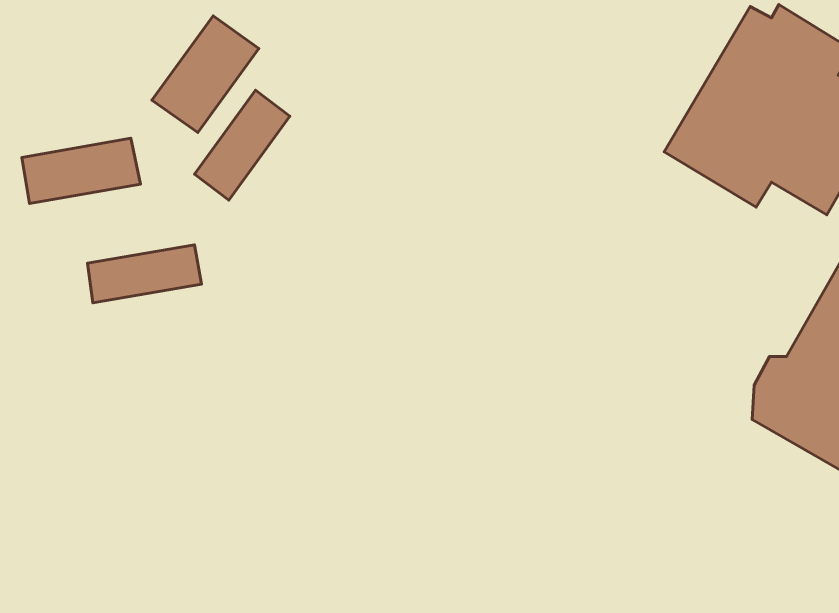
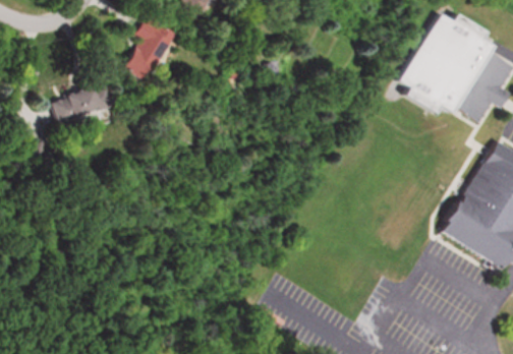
building: [195,90,290,200] -> none
building: [88,245,202,303] -> none

